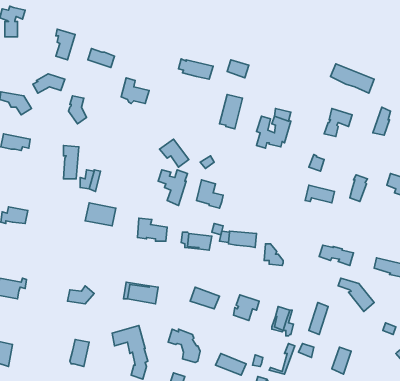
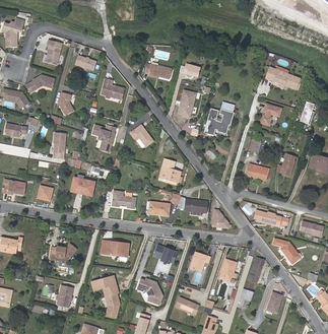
building: [158,170,188,206] -> [91,124,115,152]

